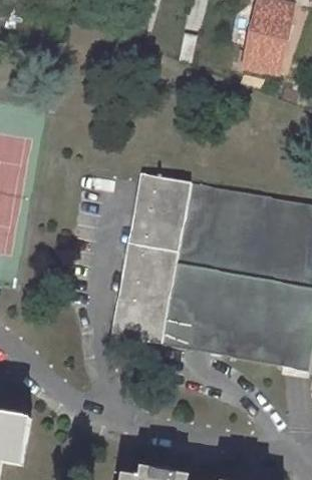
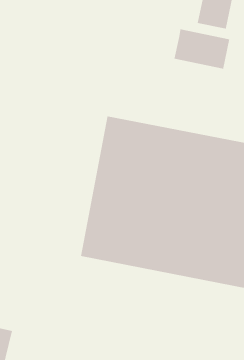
building: none -> [174,28,230,69]

